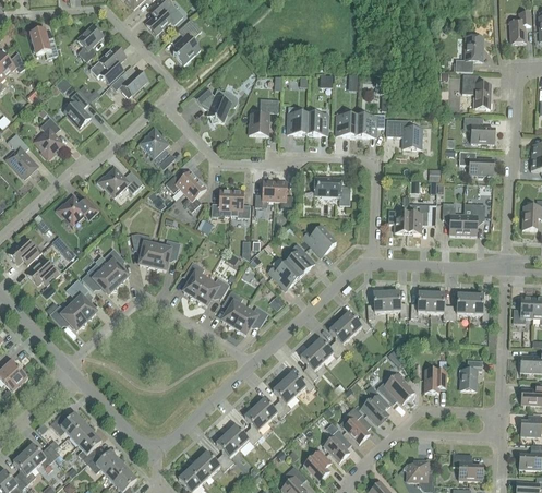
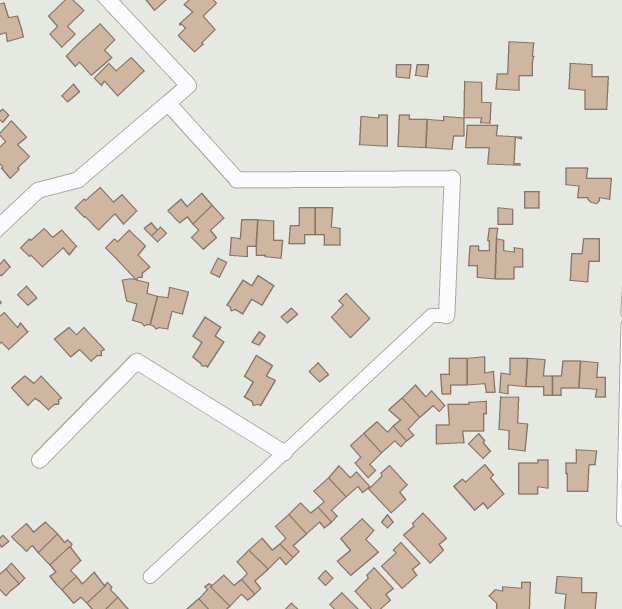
building: [455,35,483,71] -> [496,42,534,90]
building: [194,85,237,121] -> none
building: none -> [464,81,491,123]
building: [63,89,89,127] -> none
building: [248,98,278,134] -> none
building: [287,106,308,133] -> none
building: [462,116,494,143] -> none
building: [138,125,170,165] -> none
building: [313,176,350,204] -> none
building: [442,202,463,233] -> none
building: [302,226,336,256] -> none
building: [95,248,128,285] -> [106,230,150,280]
building: [267,261,300,289] -> none
building: [194,276,229,304] -> [227,276,274,314]
building: [71,284,96,321] -> none
building: [233,305,267,334] -> none
building: none -> [499,397,528,451]
building: none -> [436,401,486,444]
building: [361,389,389,424] -> [369,466,407,513]
building: none -> [337,519,378,575]

